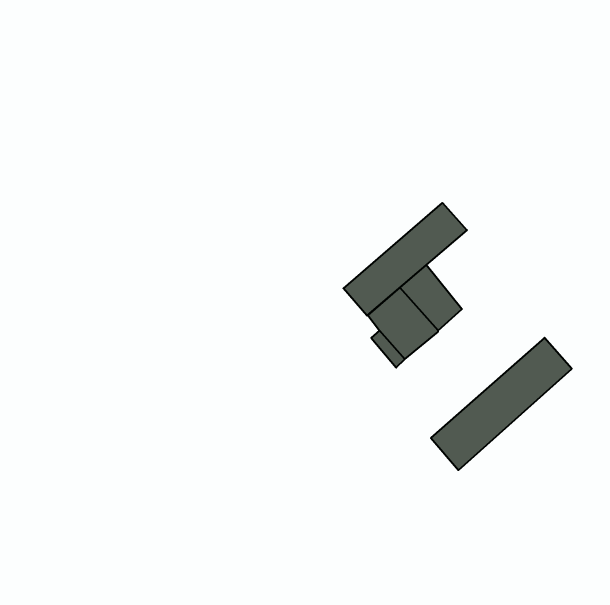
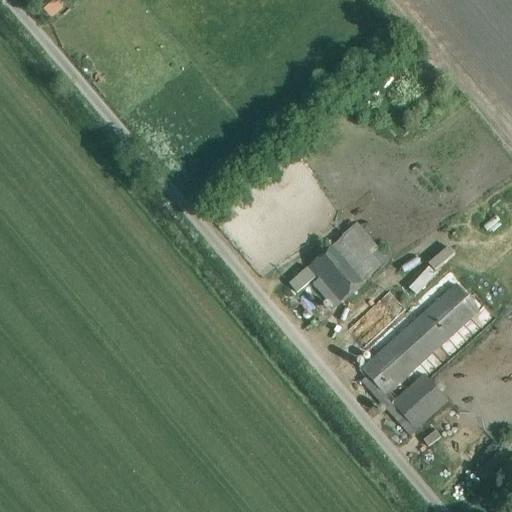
building: [343,203,467,316] -> none
building: none -> [391,372,447,428]

